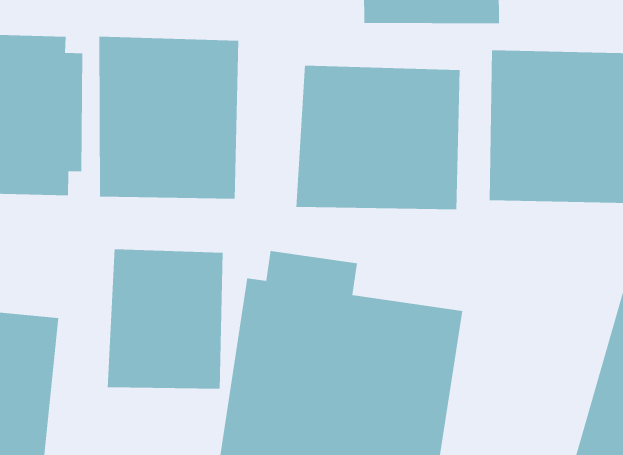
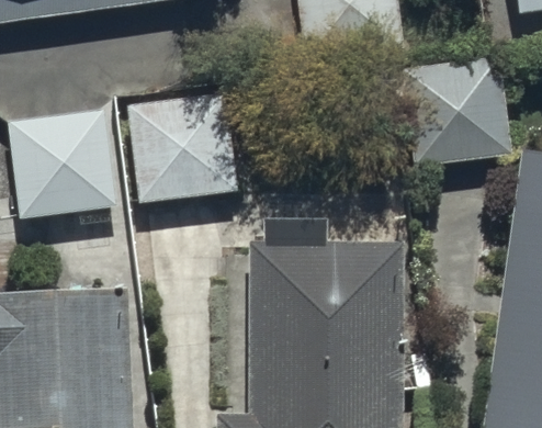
building: [296,65,460,210] -> none
building: [107,249,223,389] -> none

